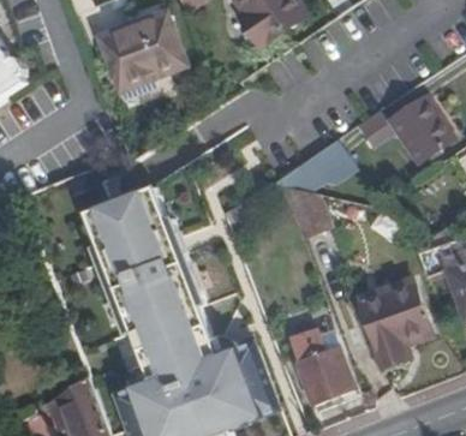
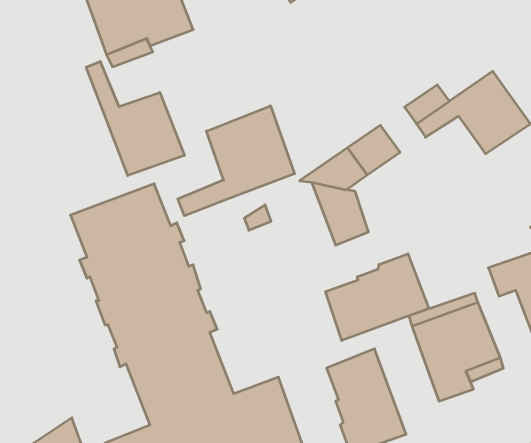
building: none -> [86,61,184,176]
building: none -> [178,106,295,216]
building: none -> [326,254,429,341]

